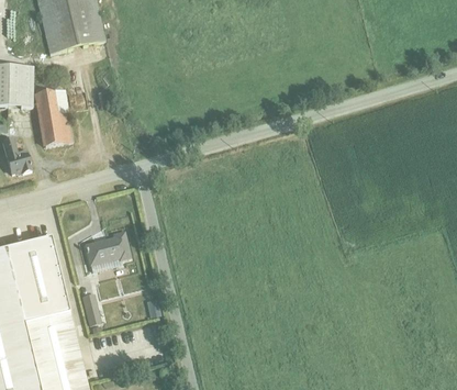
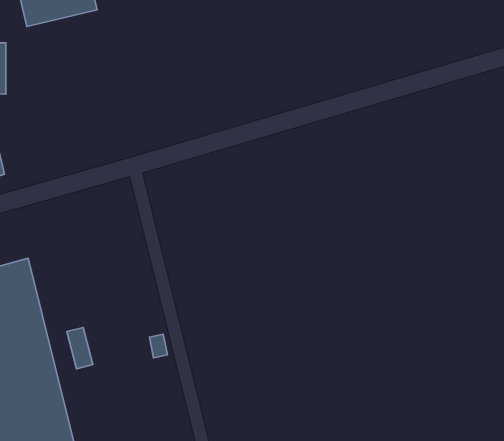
building: [33,76,73,145] -> none
building: [85,231,130,271] -> none

